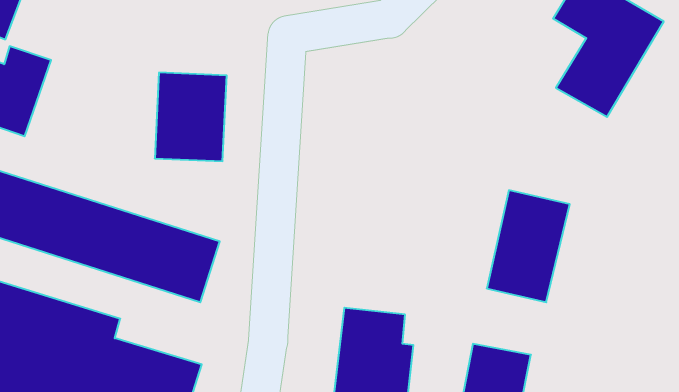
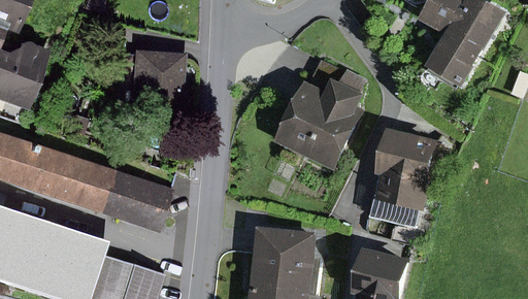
building: none -> [280,63,360,165]

